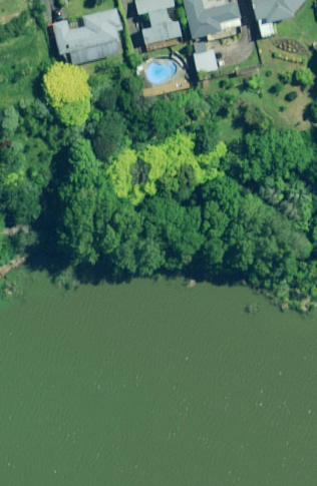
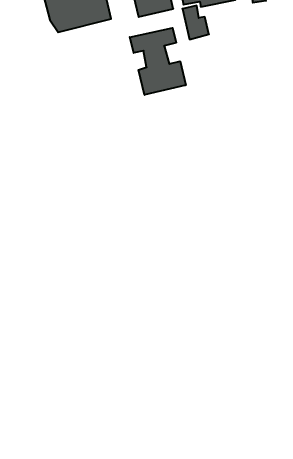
building: none -> [130,28,186,95]

